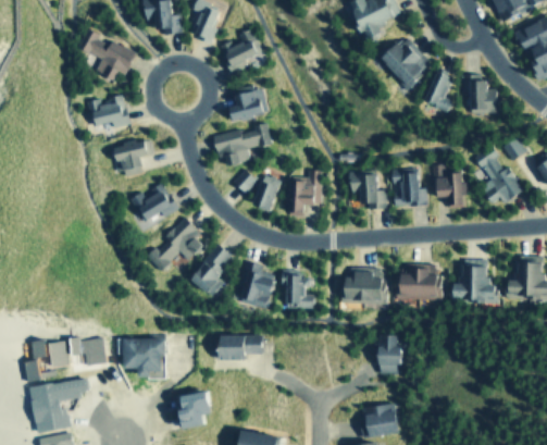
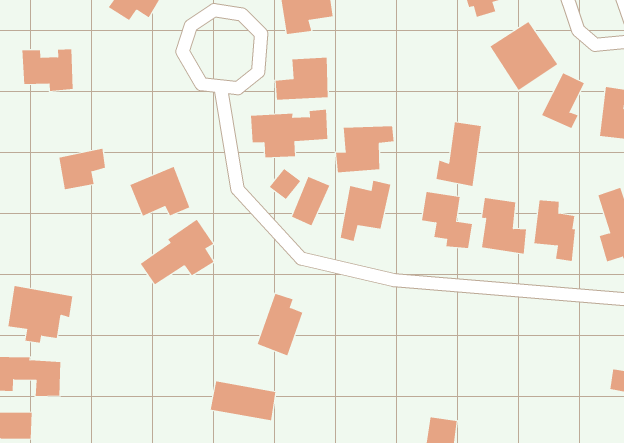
building: [89,95,132,128] -> [21,49,73,91]
building: none -> [436,121,482,187]
building: none -> [336,125,394,173]
building: [113,140,149,175] -> [59,148,106,190]
building: [190,246,234,298] -> none
building: [450,259,499,302] -> none
building: [400,264,439,299] -> none
building: [345,268,385,302] -> none
building: [282,270,315,309] -> none
building: [121,336,165,375] -> [7,286,73,343]

